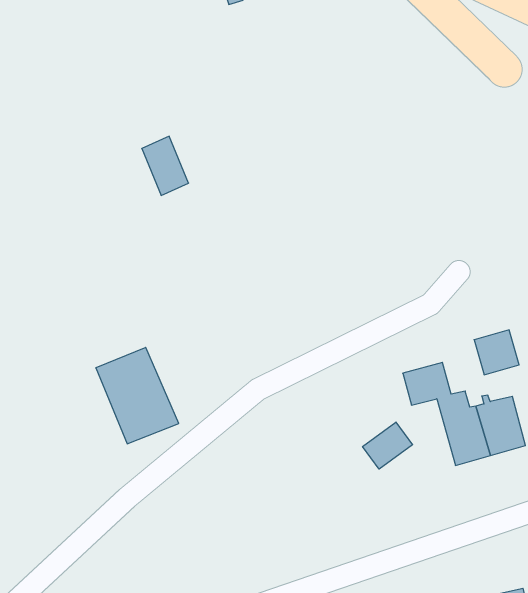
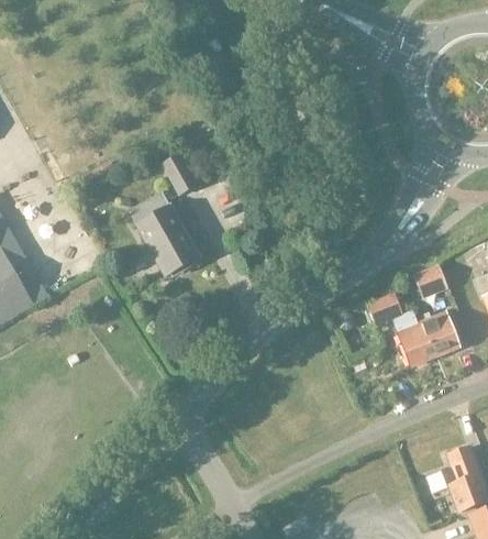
building: [96,347,179,444] -> [136,205,200,275]
building: [363,422,413,469] -> none

